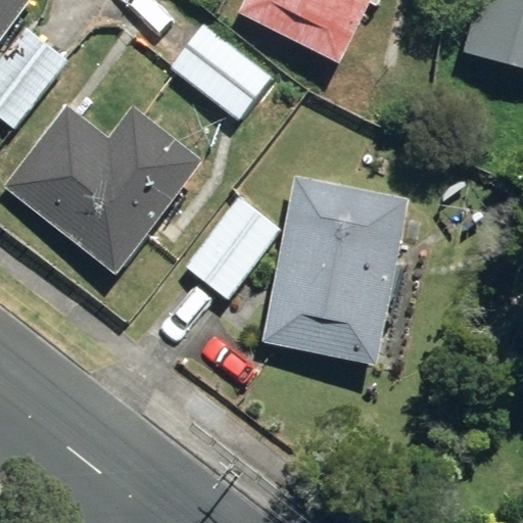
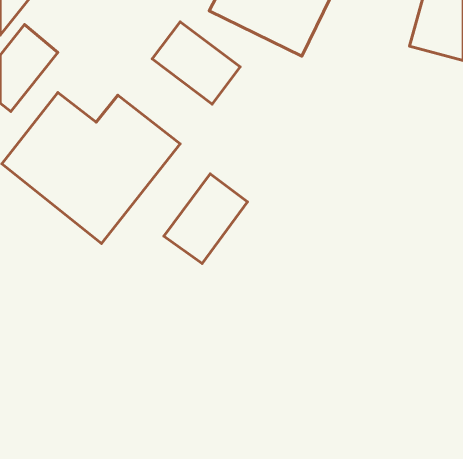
building: [263,177,411,364] -> none

